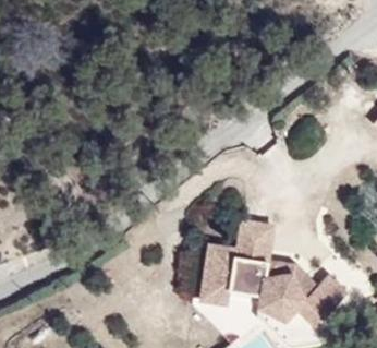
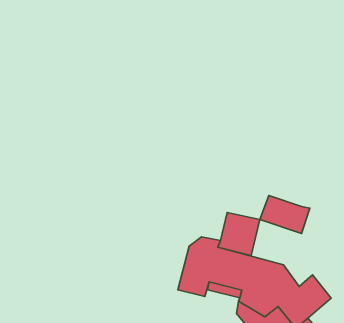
building: none -> [260,195,310,234]

